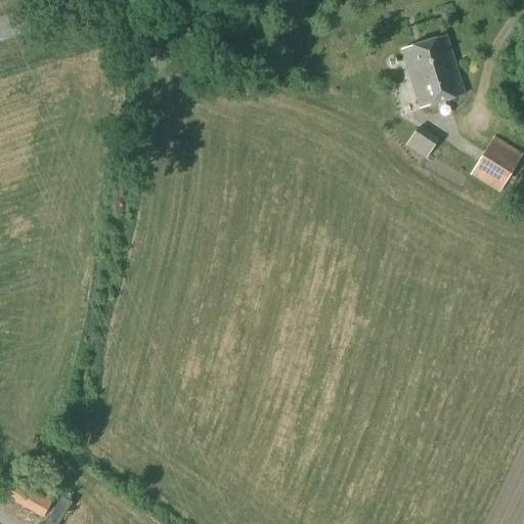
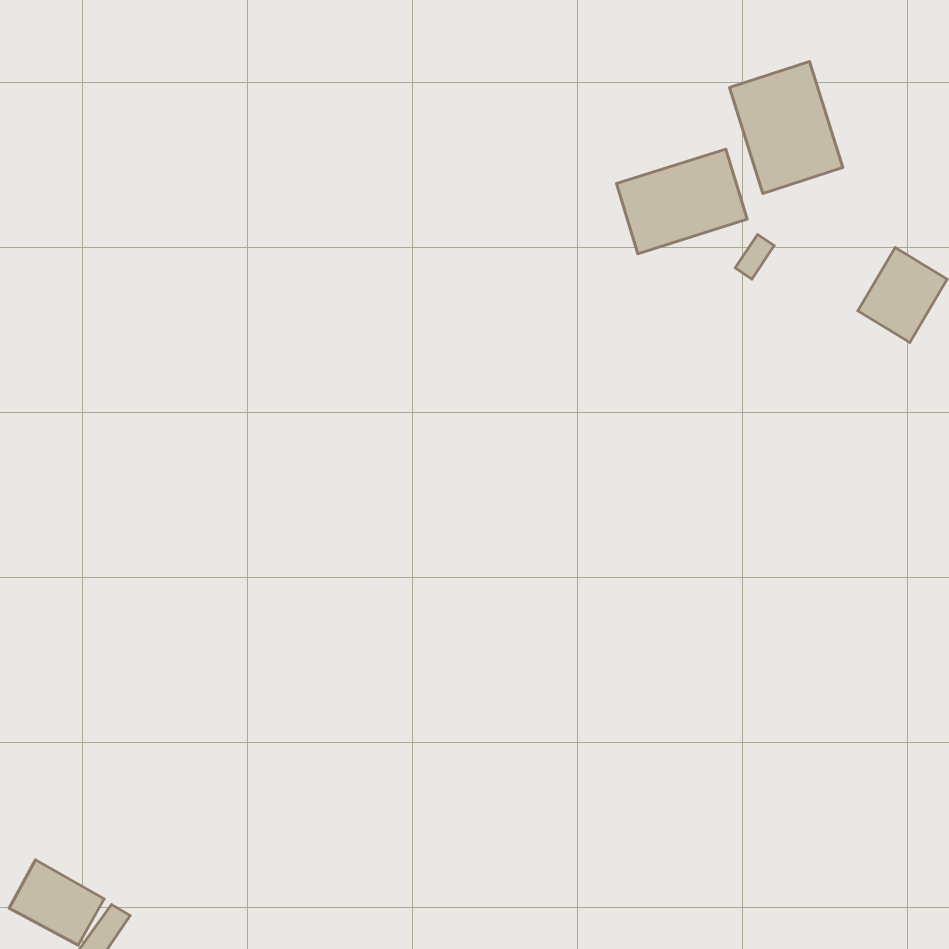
building: none -> [616,149,747,254]

